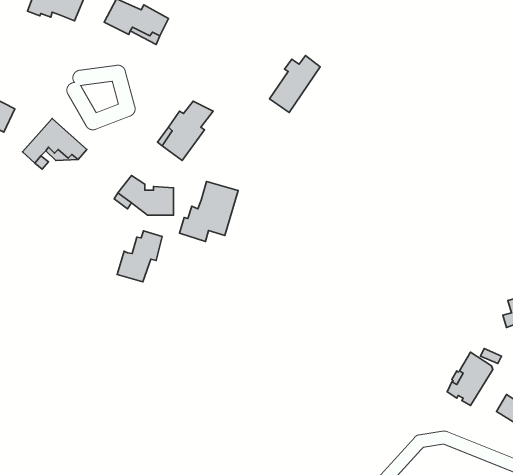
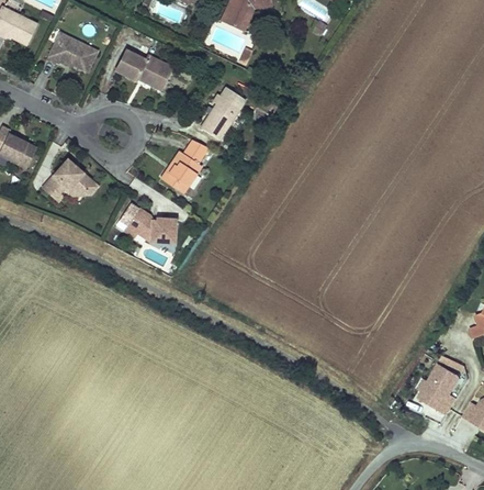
building: [269,56,320,112] -> [204,90,249,141]
building: [179,181,238,242] -> none
building: [117,231,162,282] -> none

